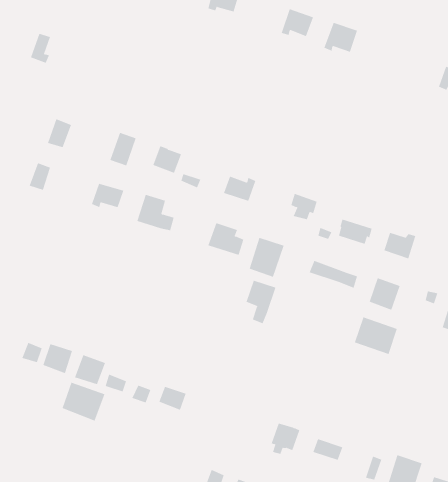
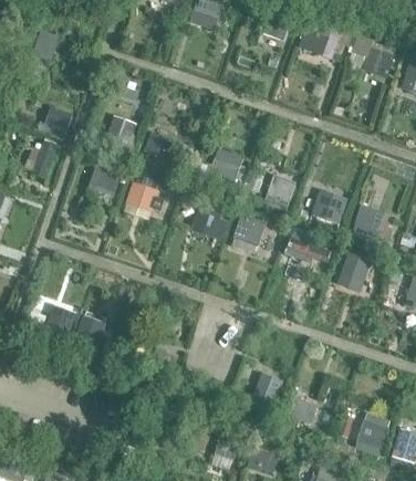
building: none -> [364,40,395,76]
building: [246,280,276,324] -> none
building: [354,317,398,355] -> none
building: [62,382,105,422] -> none

